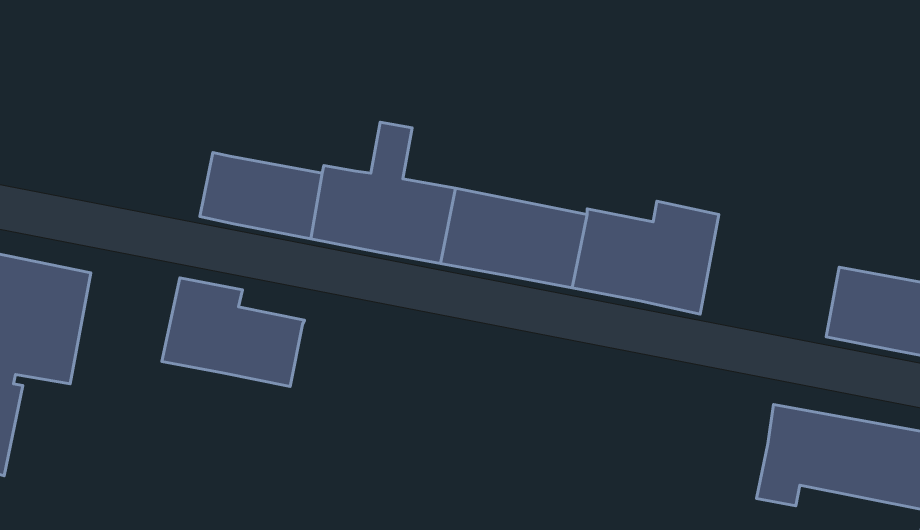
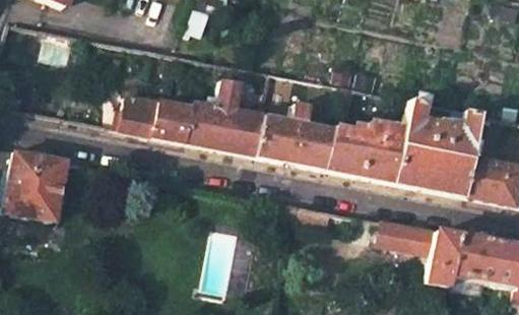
building: none -> [397,99,481,194]
building: [162,278,304,387] -> none
building: none -> [381,220,437,252]

